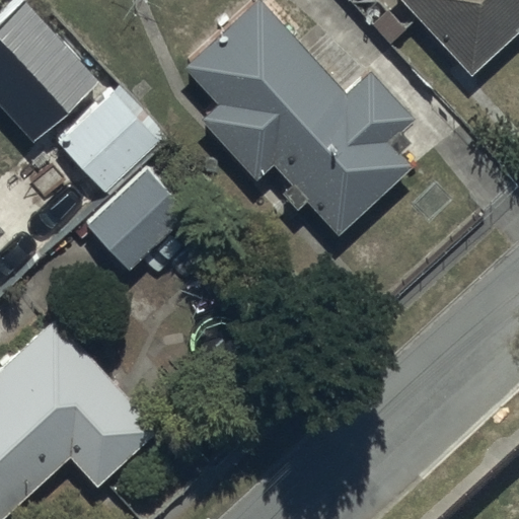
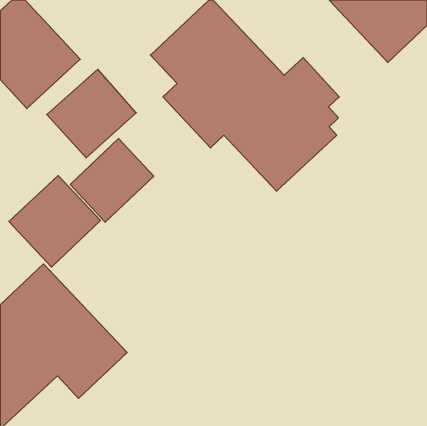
building: none -> [9,176,101,267]

